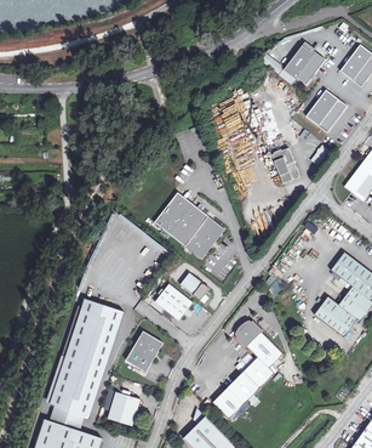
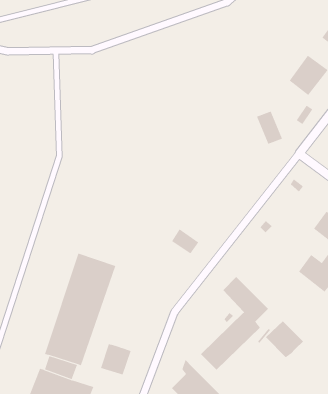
building: [282,45,324,86] -> none
building: [155,193,227,260] -> none
building: [155,283,194,321] -> none
building: [126,330,164,372] -> none
building: none -> [265,321,304,358]

